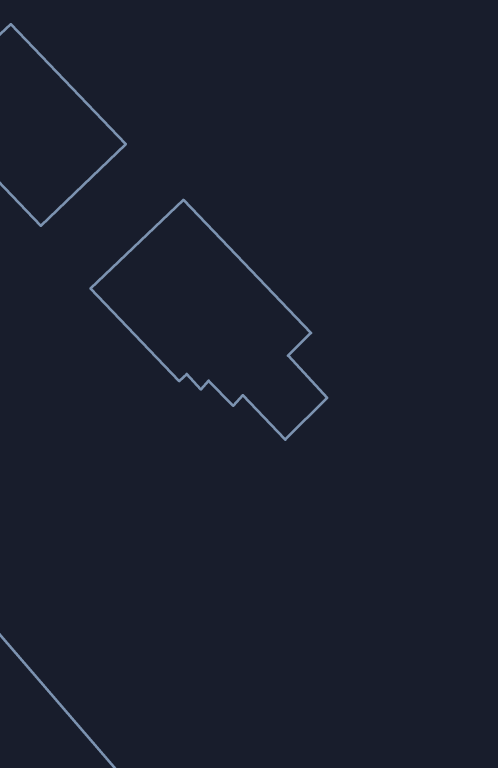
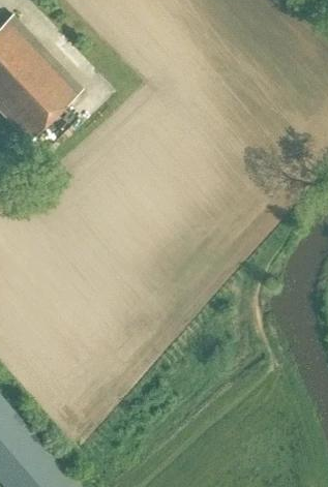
building: [91,200,327,440] -> none

